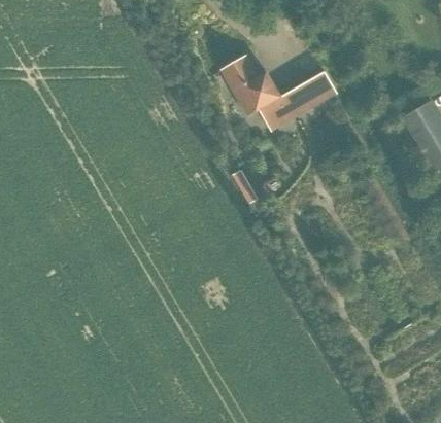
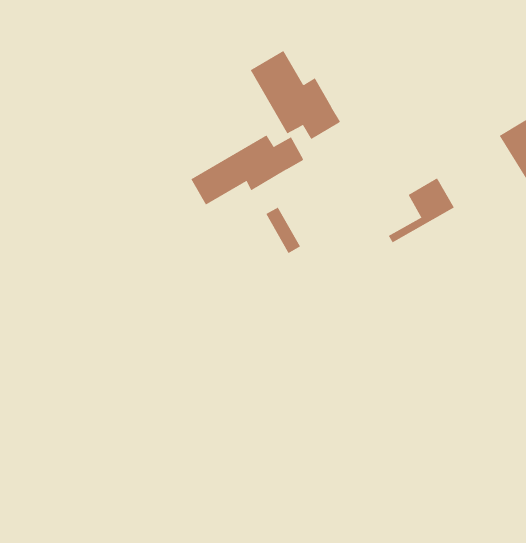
building: [287,72,336,119] -> [388,178,455,243]
building: none -> [190,135,304,205]

